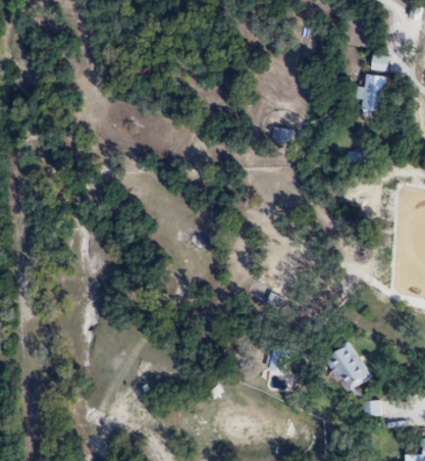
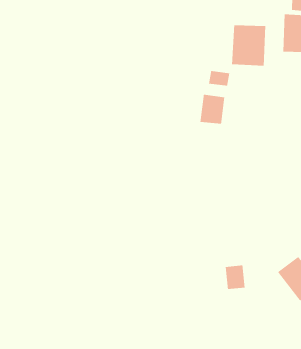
building: none -> [232,25,266,67]
building: none -> [200,94,225,125]

